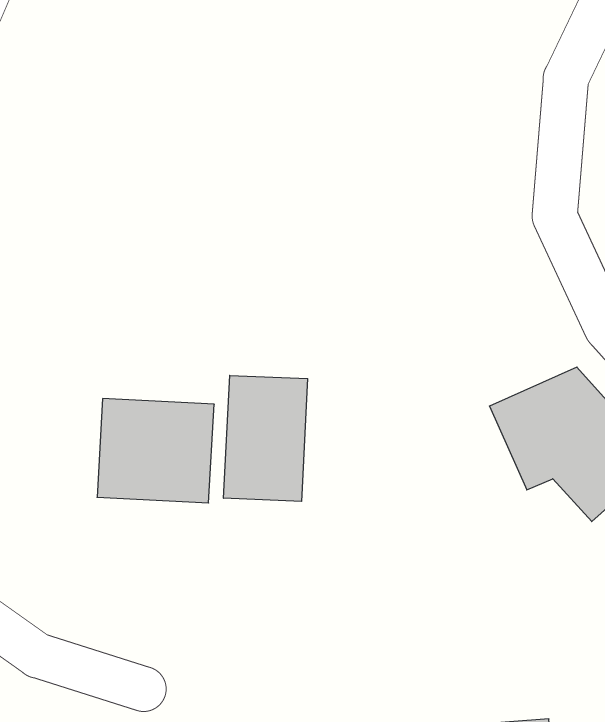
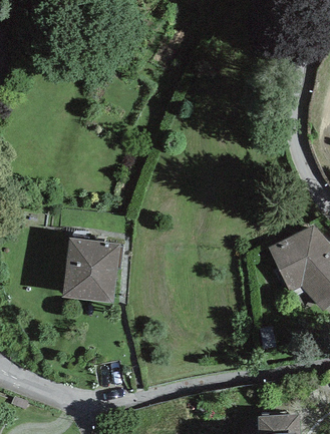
building: [224,375,308,501] -> none

